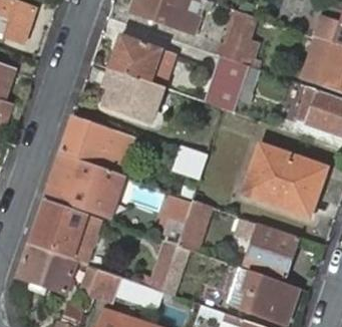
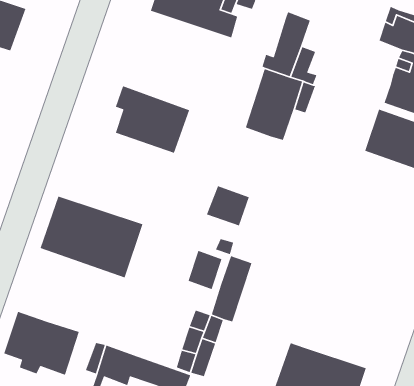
building: [110,36,174,87] -> none
building: [61,117,124,168] -> none
building: [244,145,326,216] -> none
building: [29,201,101,263] -> none
building: [238,219,299,278] -> none

